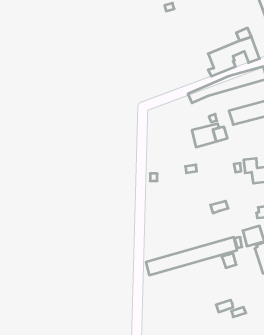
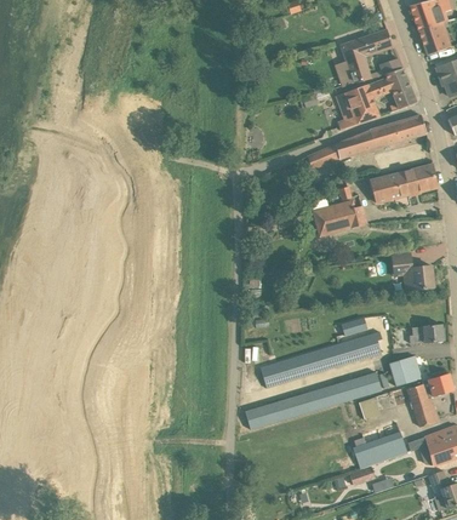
building: none -> [341,30,392,81]
building: none -> [261,332,382,388]
building: none -> [353,422,406,468]

